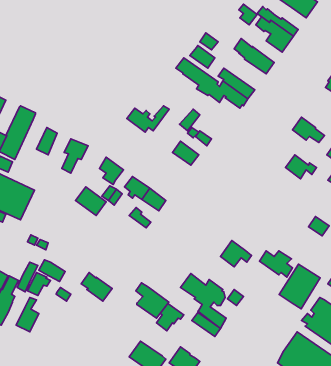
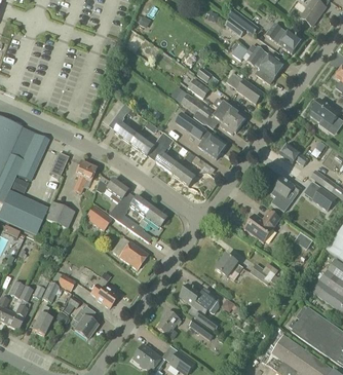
building: none -> [110,103,138,143]
building: none -> [176,112,227,158]
building: none -> [154,135,179,174]
building: none -> [44,200,75,228]
building: none -> [243,209,279,241]
building: [279,264,320,309] -> none
building: [136,283,169,318] -> [118,236,148,268]
building: none -> [73,304,98,339]

